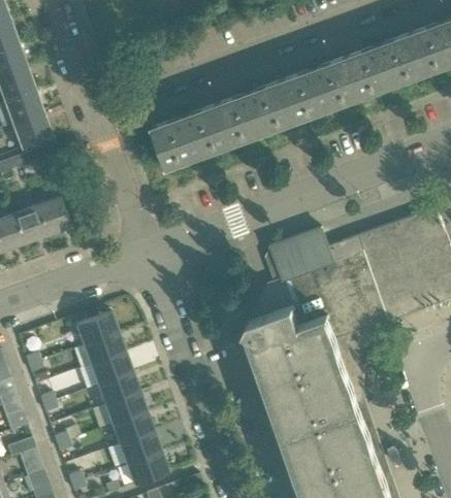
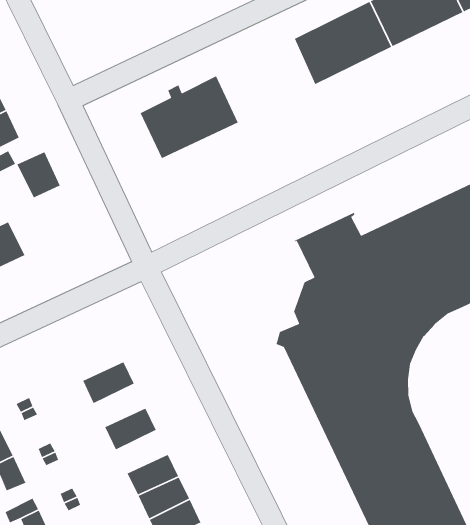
building: [219,79,299,144] -> none
building: [34,198,69,236] -> [16,151,61,199]
building: [74,311,118,344] -> none
building: [89,352,132,385] -> none
building: [103,392,147,425] -> none

